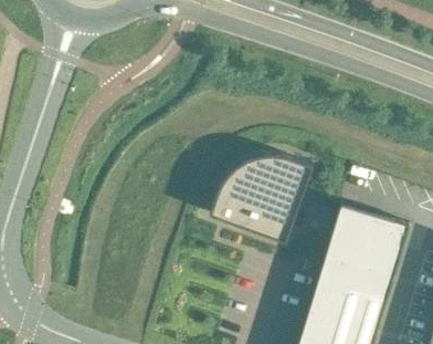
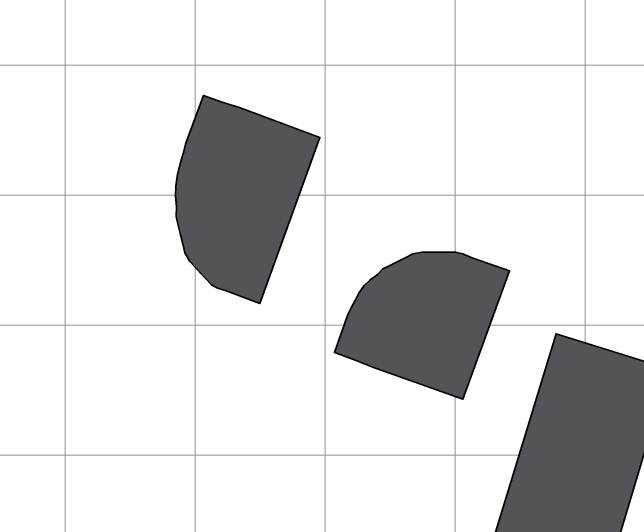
building: none -> [175,95,320,304]

